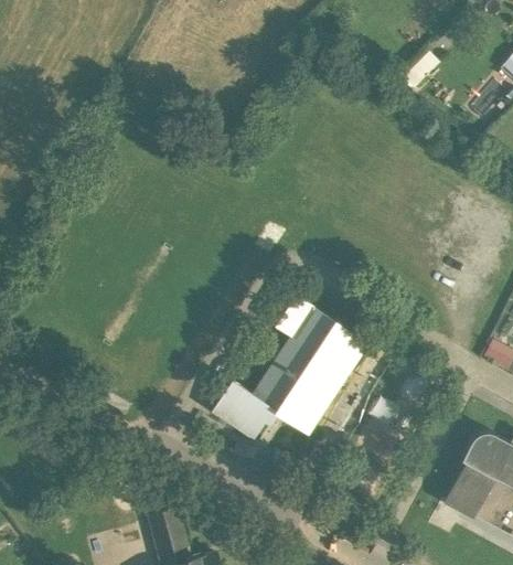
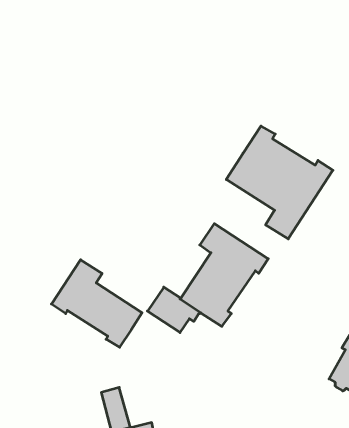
building: none -> [226,126,333,239]
building: none -> [51,260,142,347]

